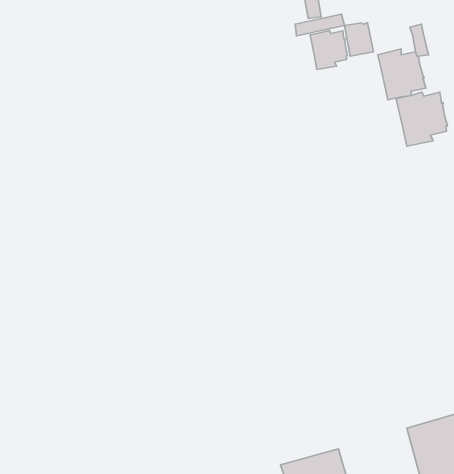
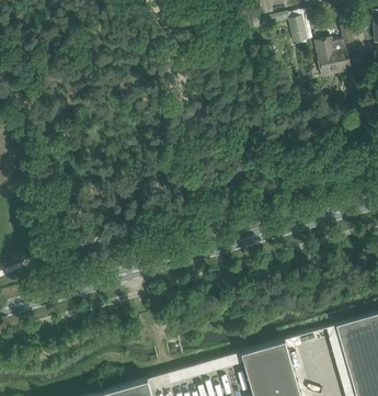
building: [310,30,347,70] -> none
building: [396,92,447,146] -> none

